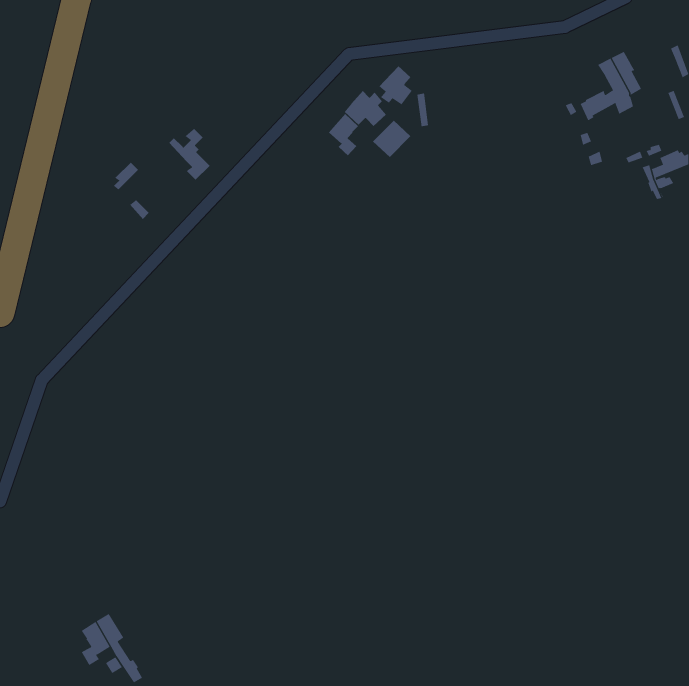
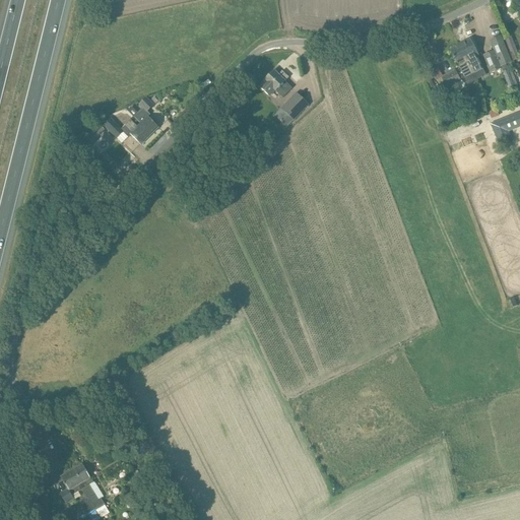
building: none -> [484,35,511,70]
building: [379,65,413,105] -> none
building: [328,113,359,156] -> none
building: none -> [104,117,147,143]

